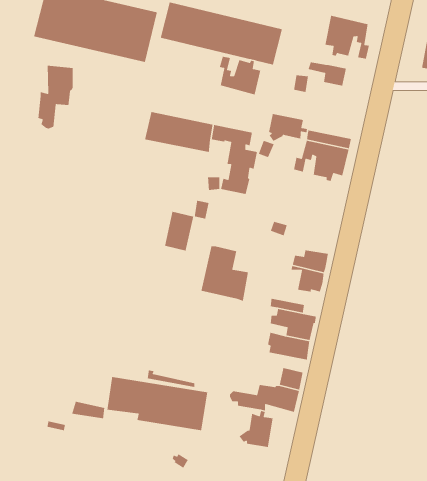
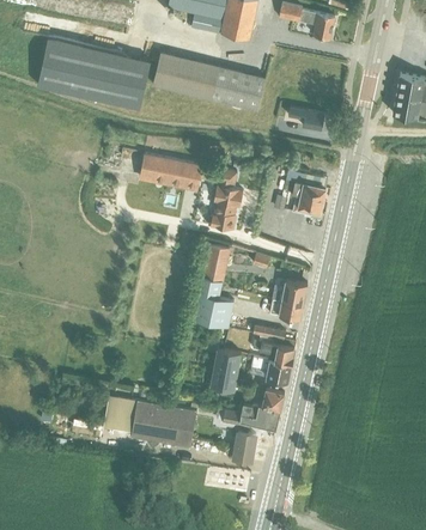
building: [324,15,370,59] -> none
building: [219,56,261,96] -> none
building: [38,65,74,129] -> none
building: [268,113,308,142] -> none
building: [164,211,194,251] -> [203,244,231,281]
building: none -> [211,348,242,390]

